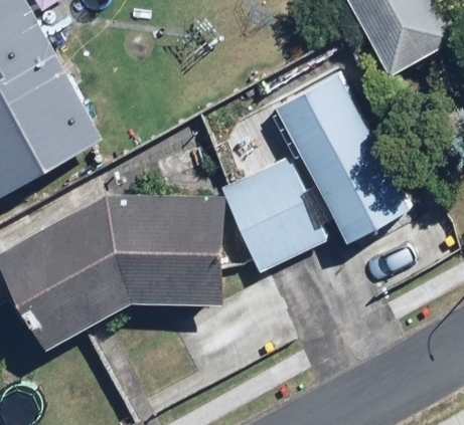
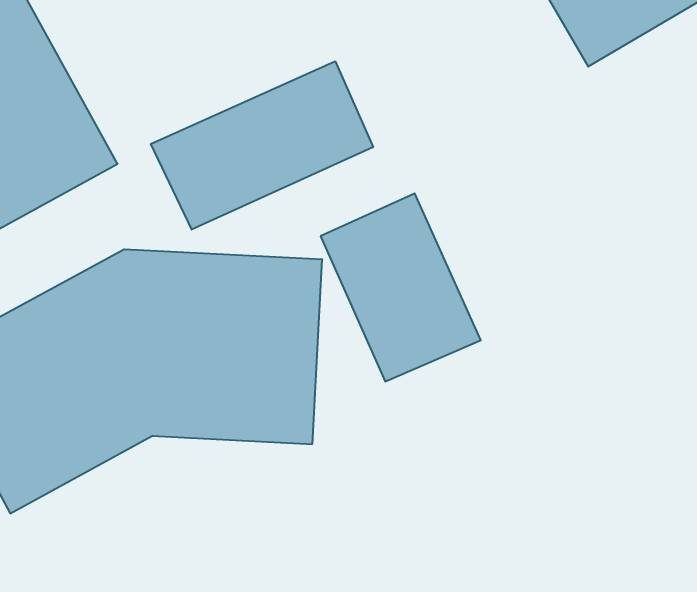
building: [277,73,409,247] -> none
building: none -> [151,61,373,230]

